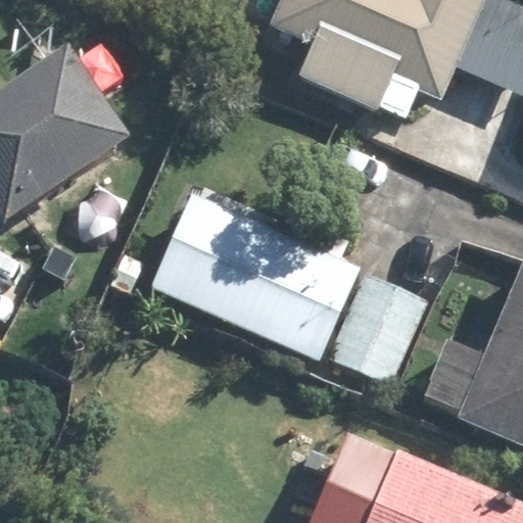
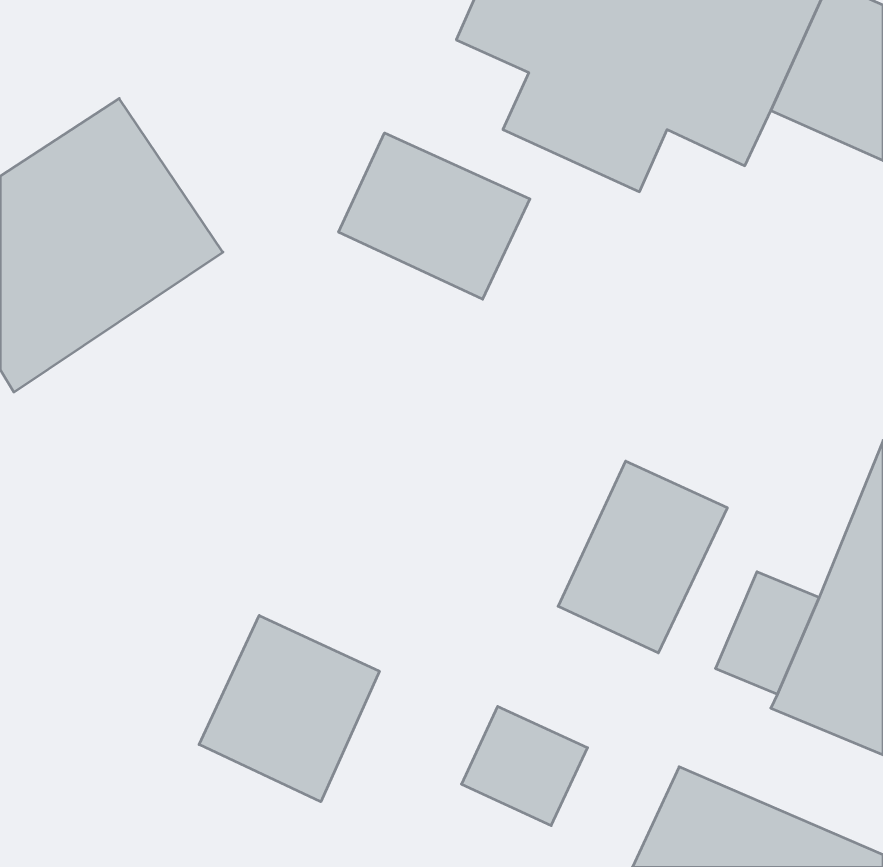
building: none -> [339,133,530,299]
building: [151,194,356,360] -> none
building: none -> [199,615,379,802]

